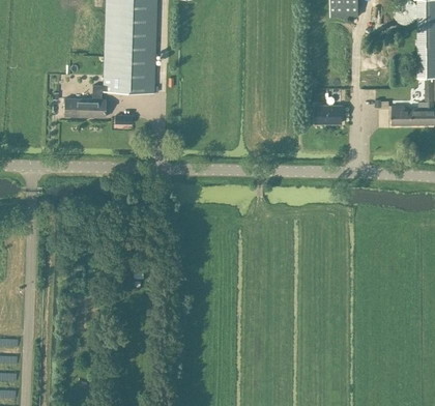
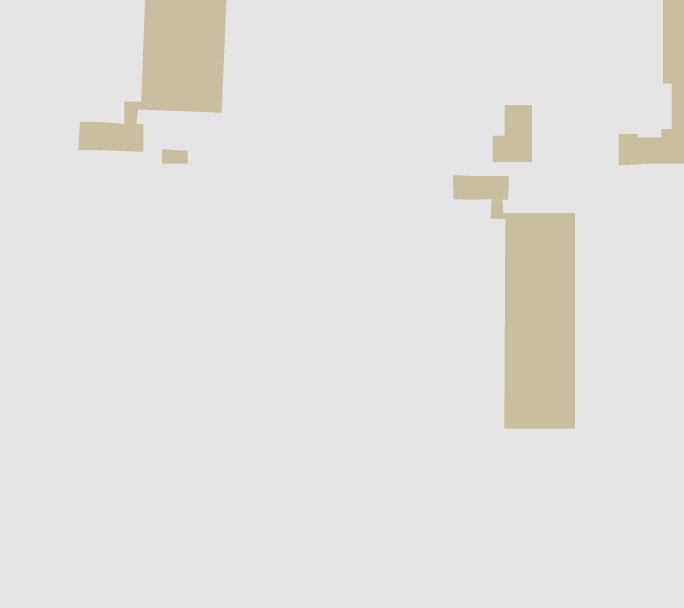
building: none -> [453,174,576,430]

